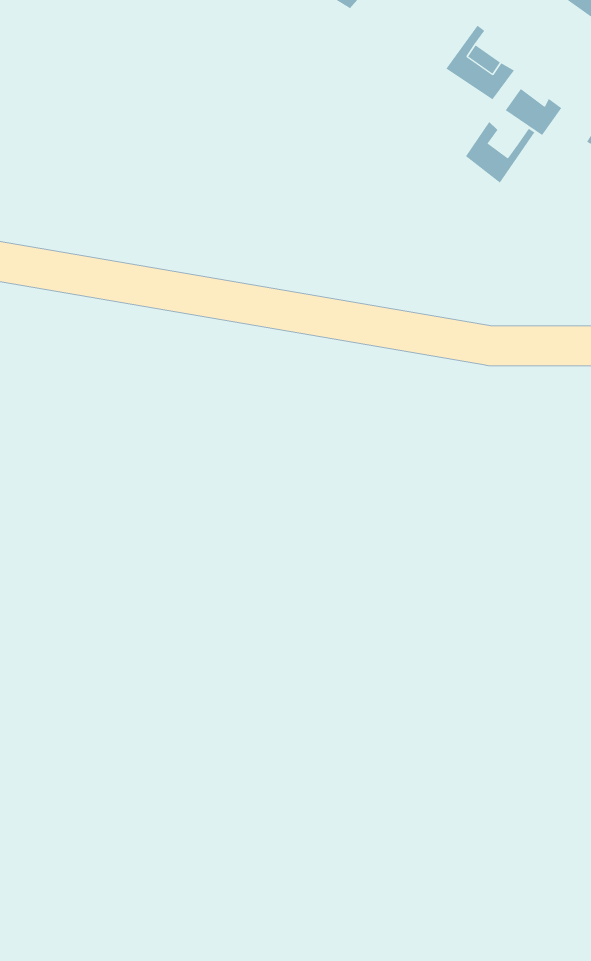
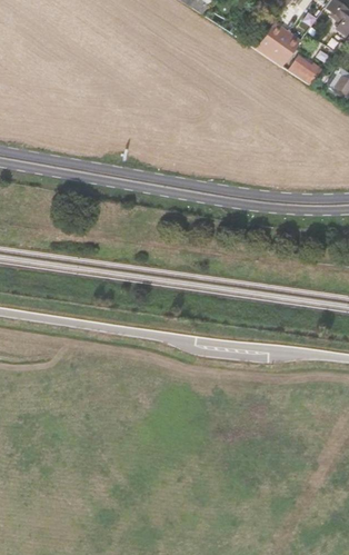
building: [465,121,535,183] -> none

